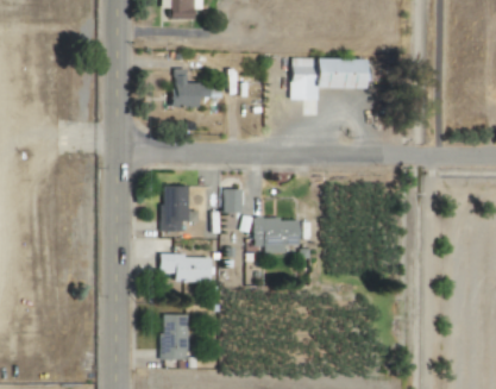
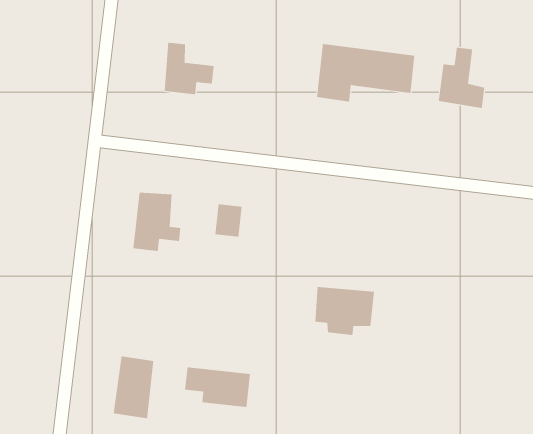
building: none -> [438,47,485,109]
building: [255,218,300,253] -> [314,287,375,335]
building: [162,256,212,282] -> [184,367,251,408]

